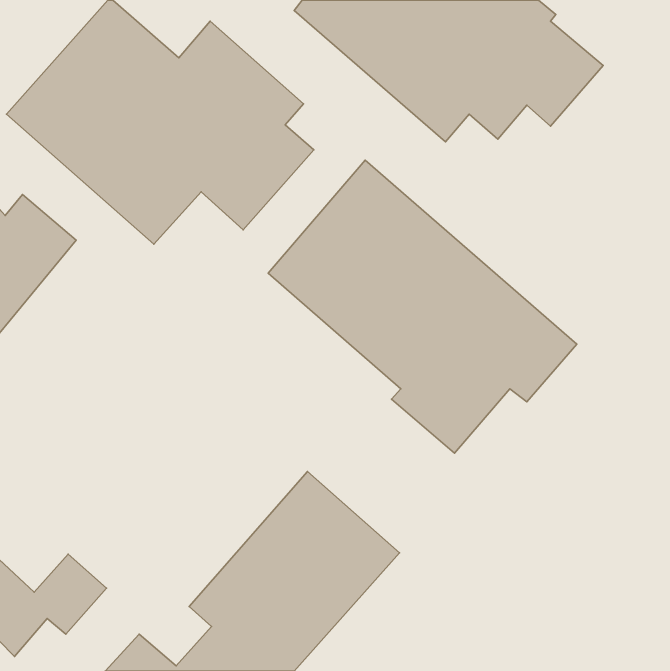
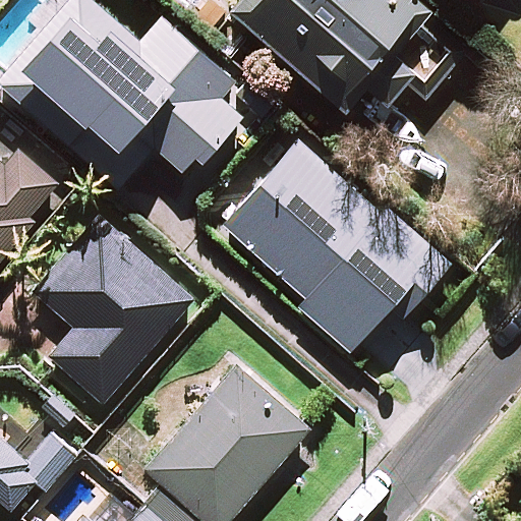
building: none -> [34,218,192,403]

